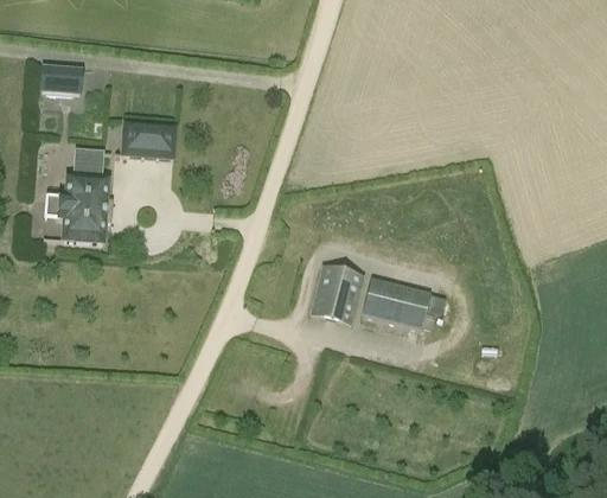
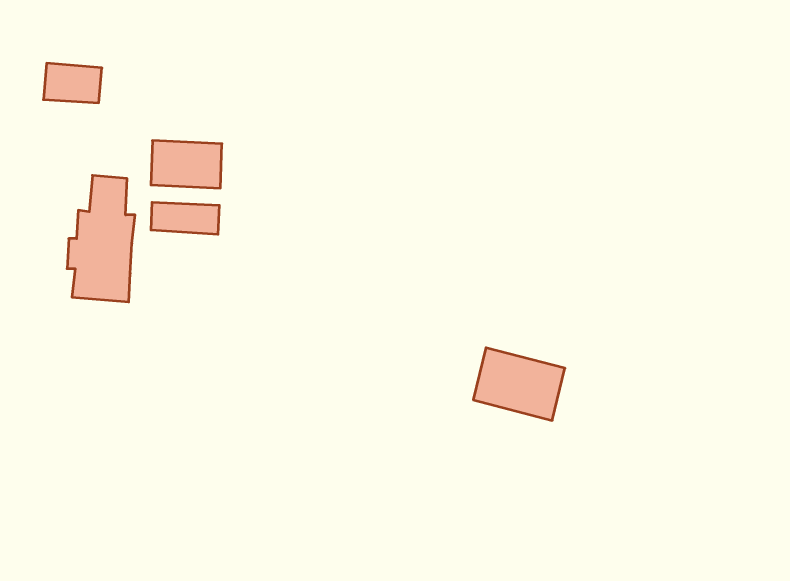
building: none -> [151,202,219,234]
building: [305,264,357,321] -> none

